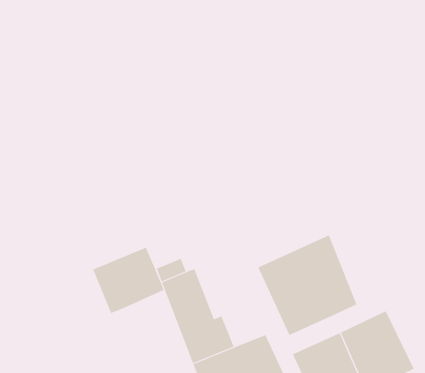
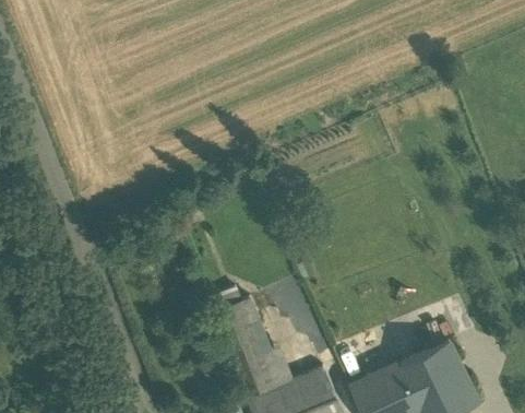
building: [258,235,357,336] -> none
building: [93,247,164,314] -> none

